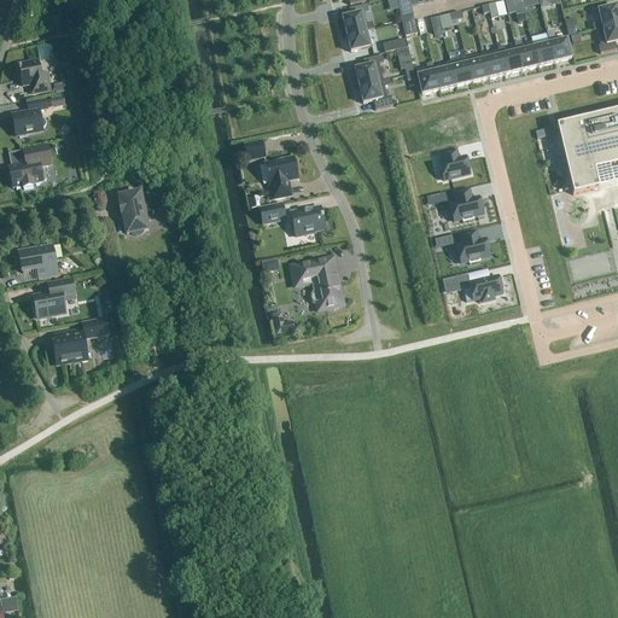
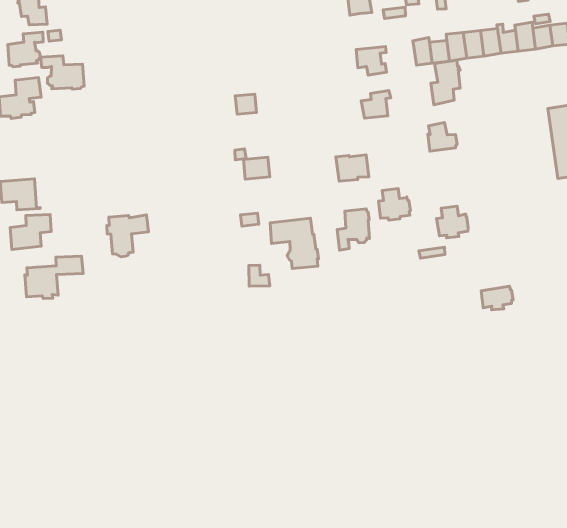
building: [355,54,384,84] -> [361,90,391,118]
building: none -> [431,60,460,105]
building: none -> [40,56,84,89]
building: [264,157,297,198] -> none
building: [450,188,483,221] -> [379,189,410,220]
building: [118,190,161,234] -> [107,215,149,257]
building: [290,206,325,235] -> [336,155,369,181]
building: none -> [337,209,369,250]
building: [470,275,502,301] -> [481,286,513,310]

